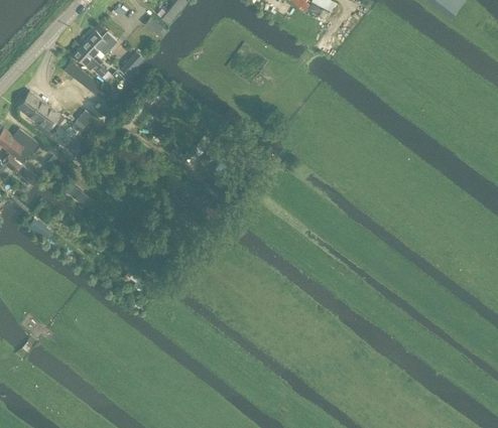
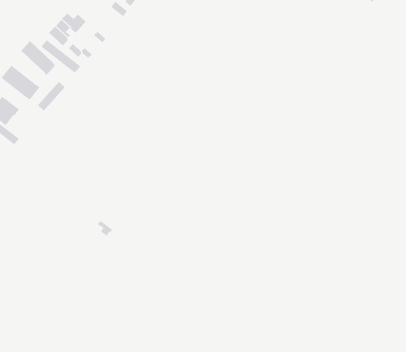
building: none -> [20,40,56,76]

